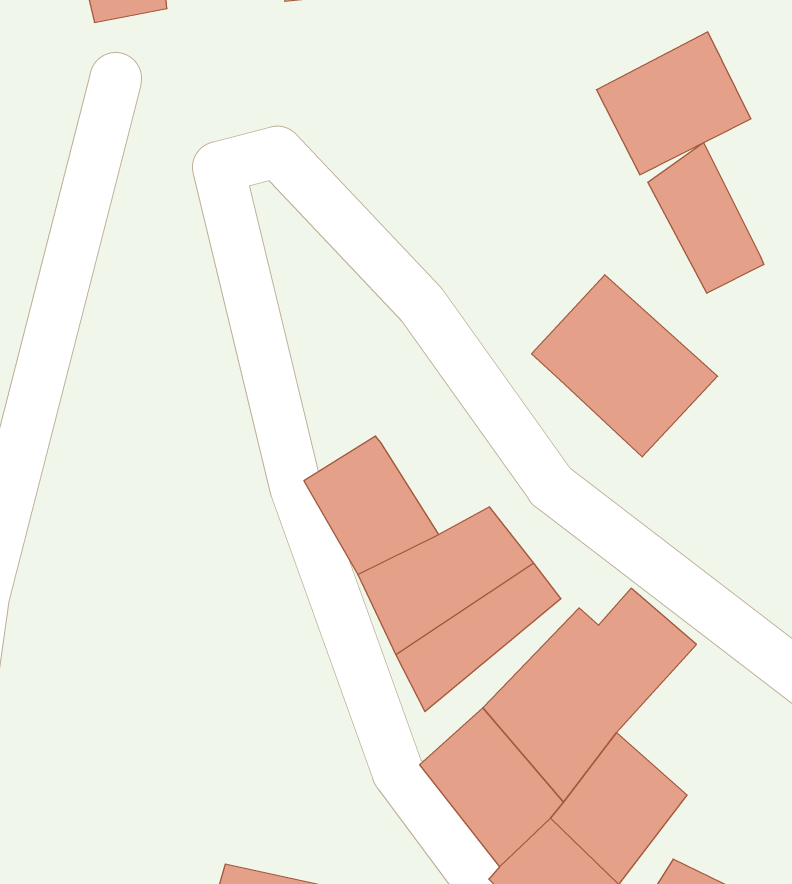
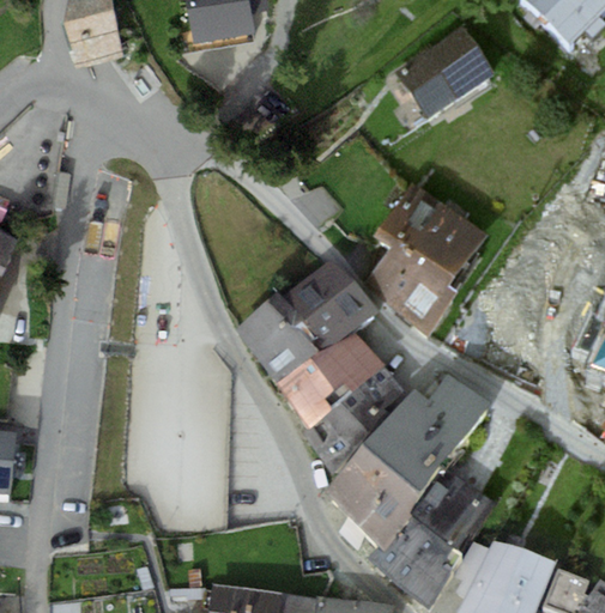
building: [648,143,764,293] -> none
building: none -> [364,251,455,334]
building: none -> [282,262,376,356]

